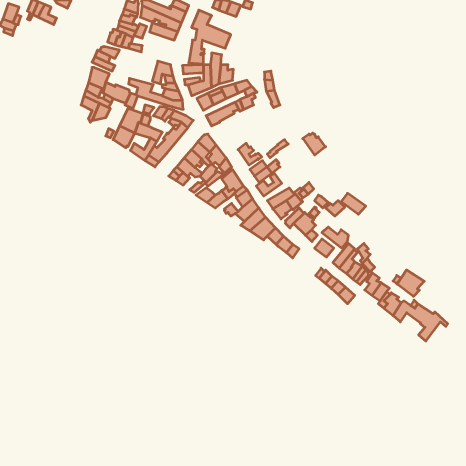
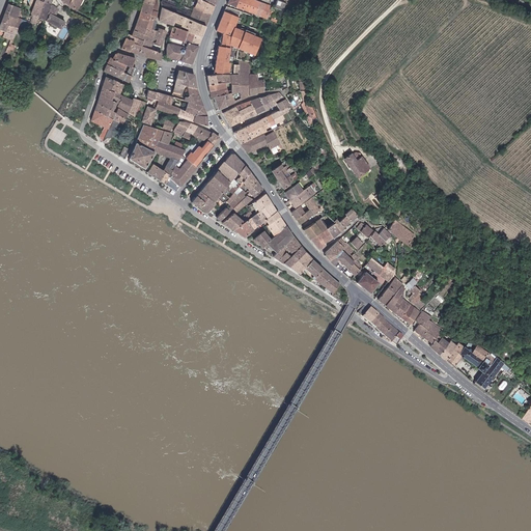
building: none -> [168,36,198,62]
building: none -> [241,129,281,155]
building: [397,270,424,296] -> none

